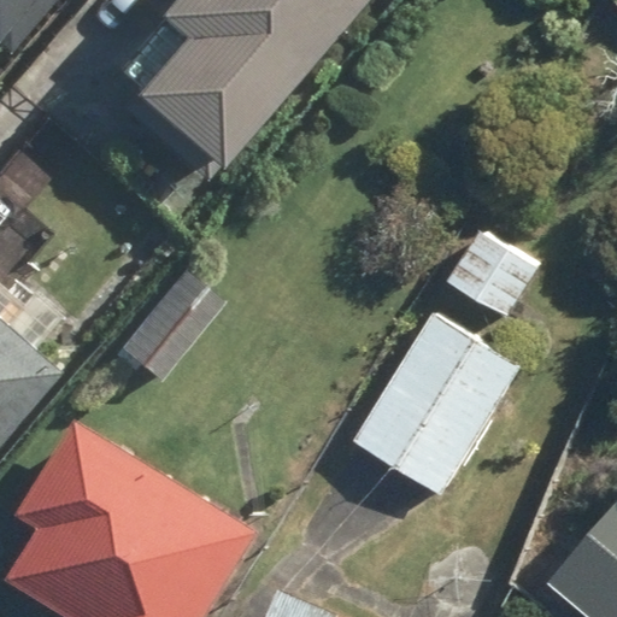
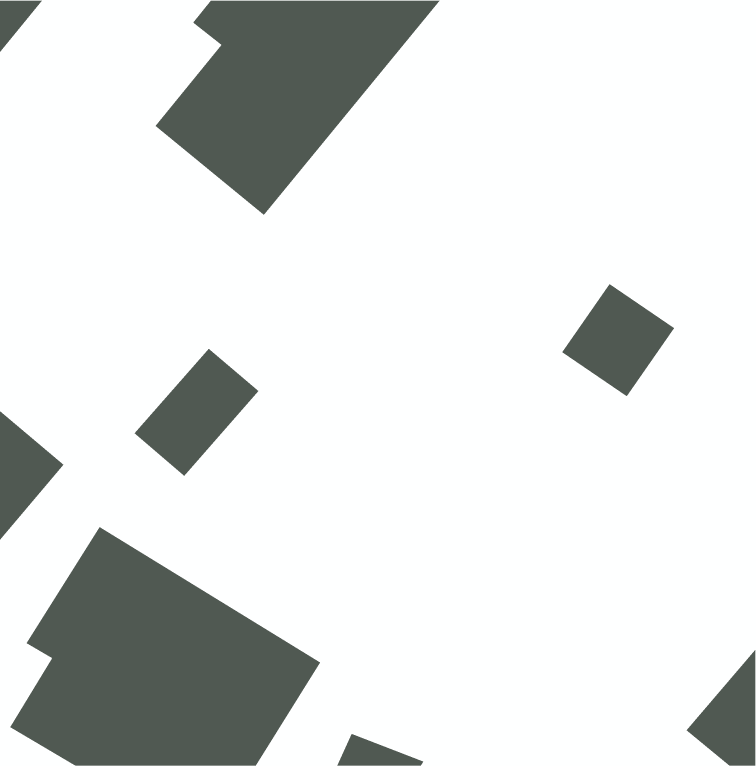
building: [354,313,522,499] -> none

